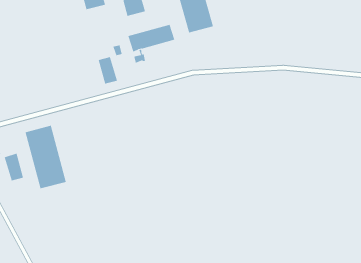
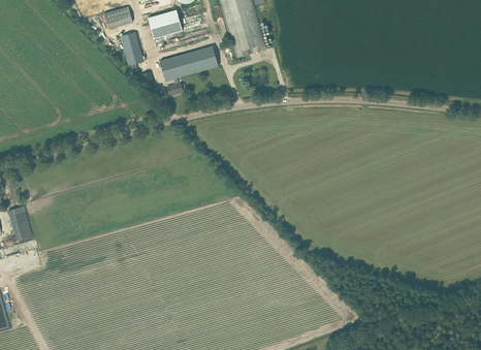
building: [98,56,118,84] -> [120,32,145,66]
building: [25,125,66,189] -> none

